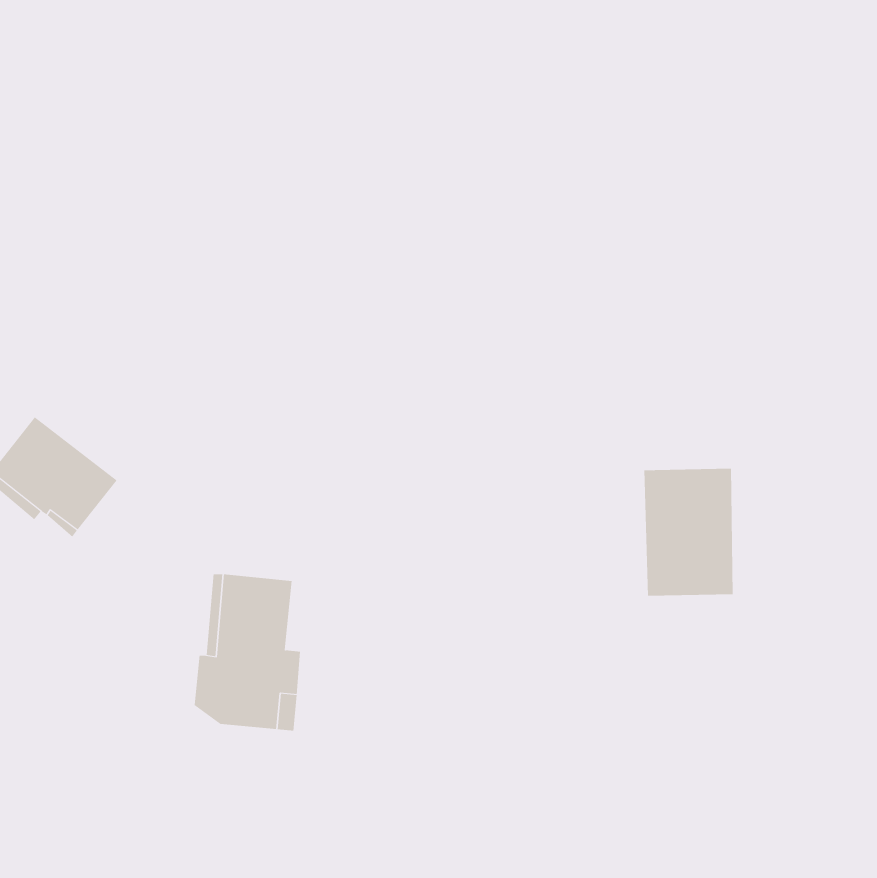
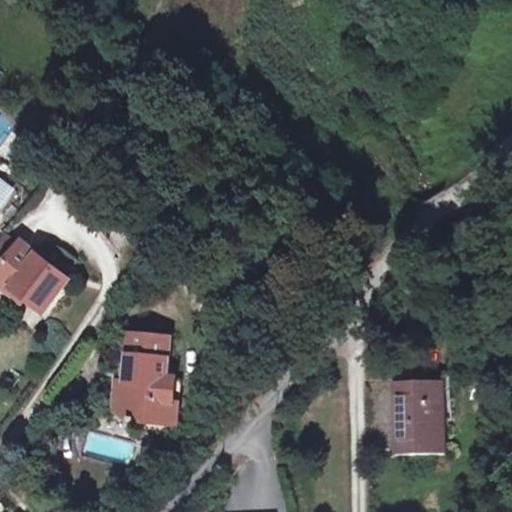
building: [644,468,734,596] -> [391,379,443,453]

